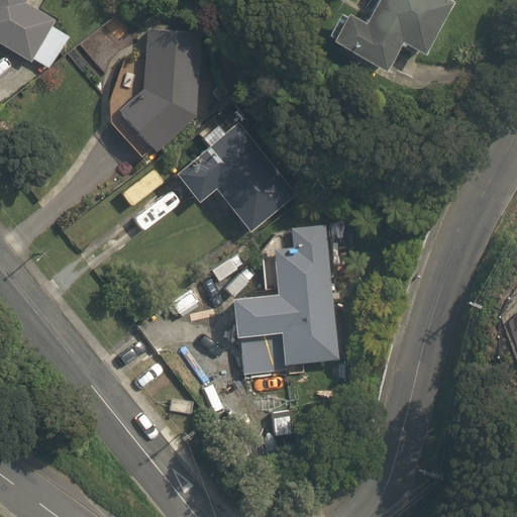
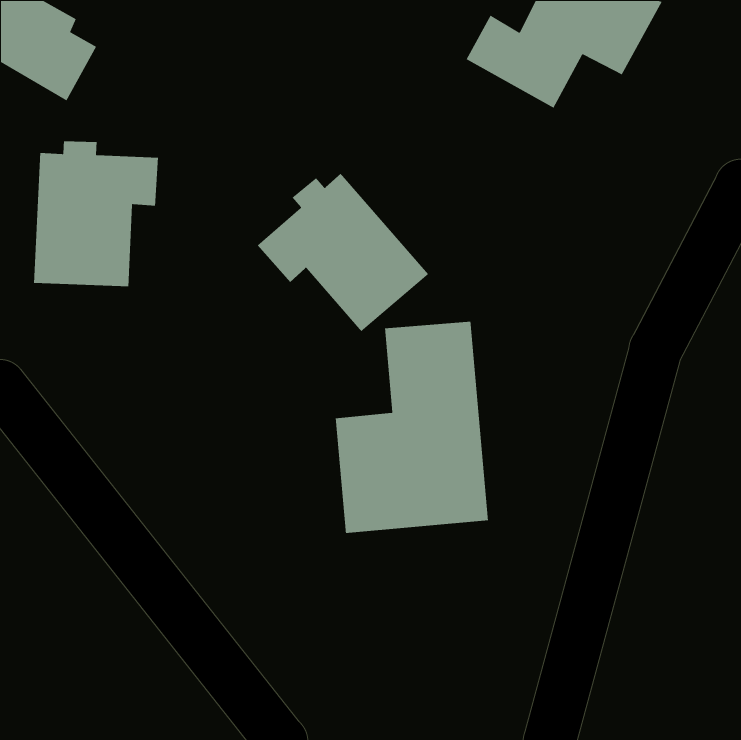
building: [120,28,198,148] -> none
building: none -> [33,141,159,287]

